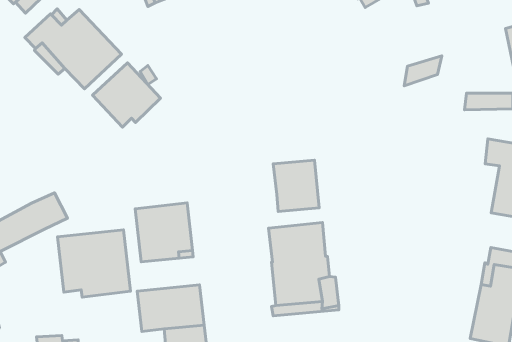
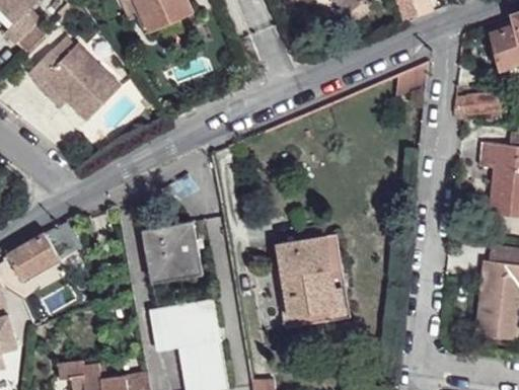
building: [93,63,161,127] -> none
building: [273,160,319,212] -> none
building: [58,230,130,297] -> none

